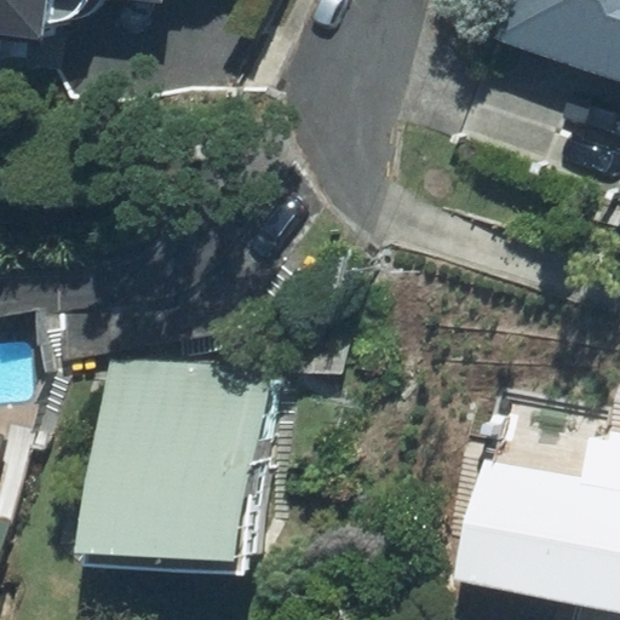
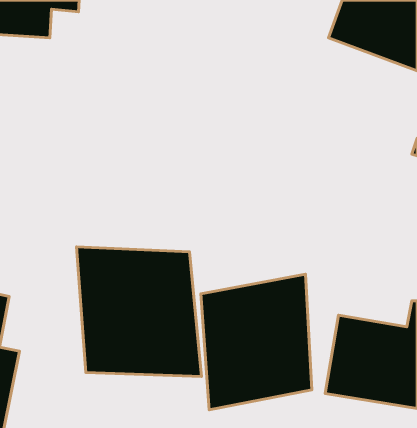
building: none -> [201,274,312,410]

